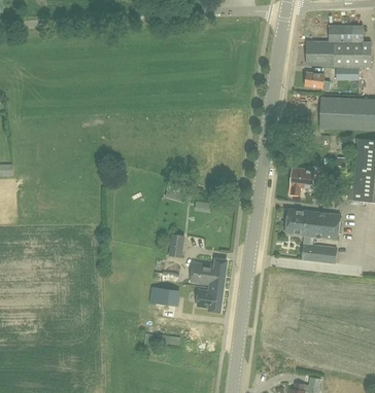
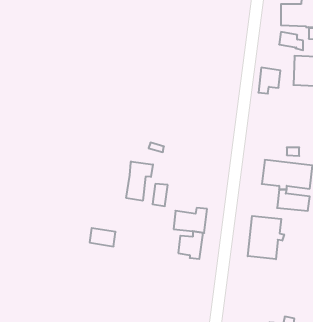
building: [289,167,313,194] -> [258,68,280,94]
building: none -> [126,161,153,201]
building: none -> [248,216,284,259]
building: [149,286,177,306] -> [90,228,116,246]

